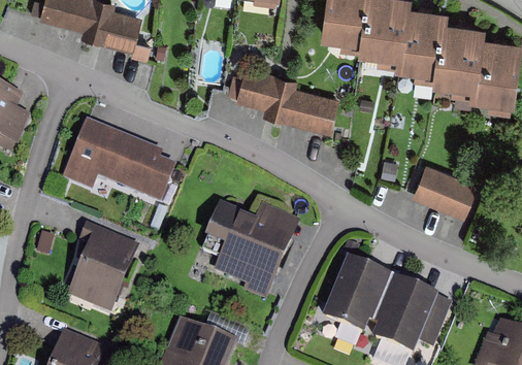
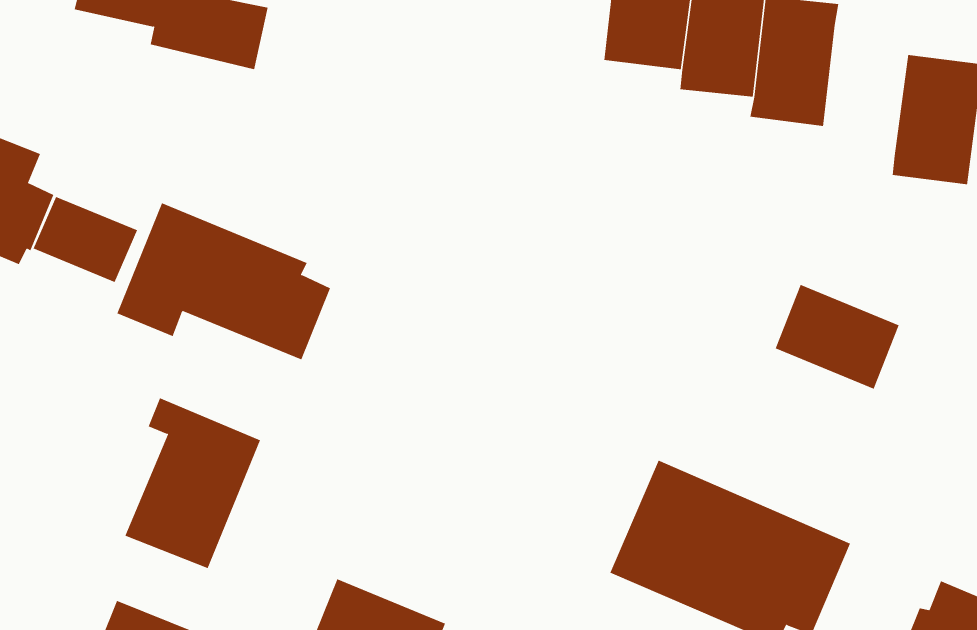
building: [434,24,482,93] -> none
building: [227,64,338,131] -> none
building: none -> [33,196,138,283]
building: [205,200,296,299] -> none

